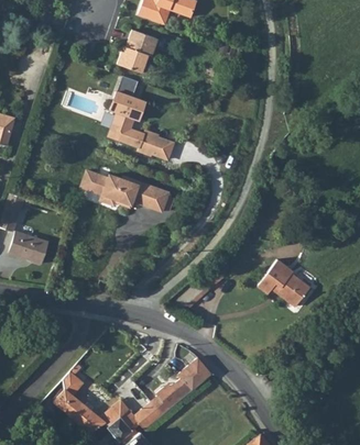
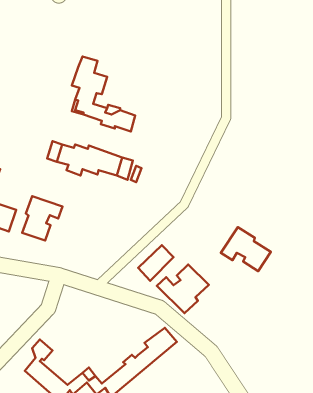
building: [117,31,156,74] -> none
building: none -> [22,196,63,241]
building: none -> [157,264,209,313]

